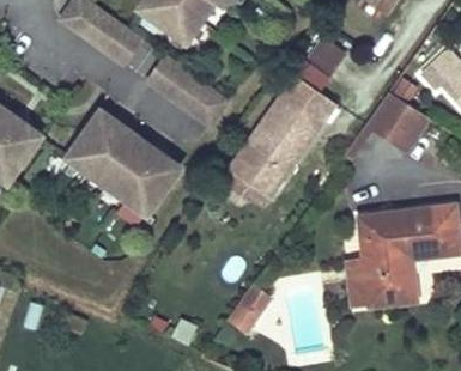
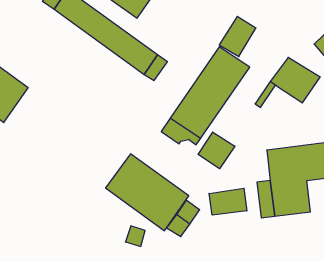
building: [67,109,178,212] -> [106,154,189,231]
building: none -> [198,132,235,169]
building: none -> [209,188,247,215]

